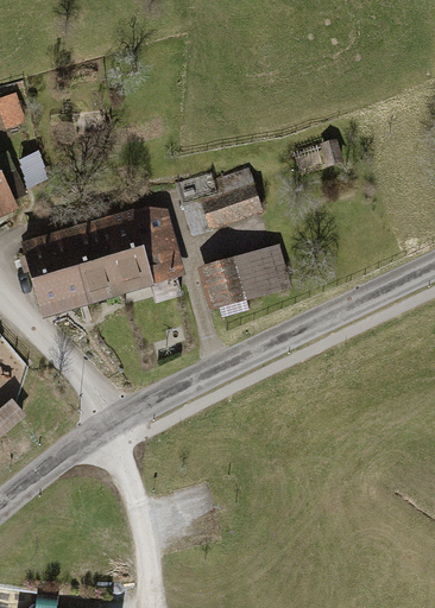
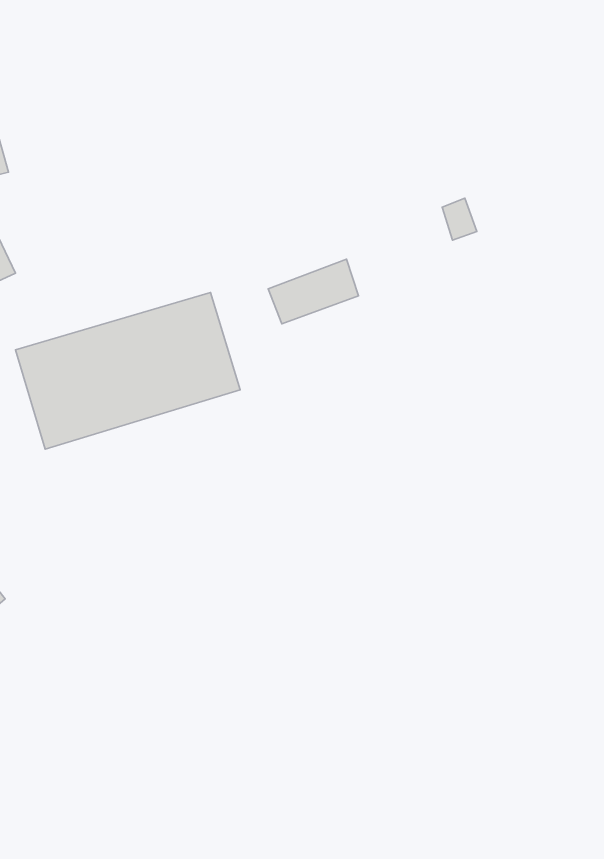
building: [201,247,284,303] -> none

